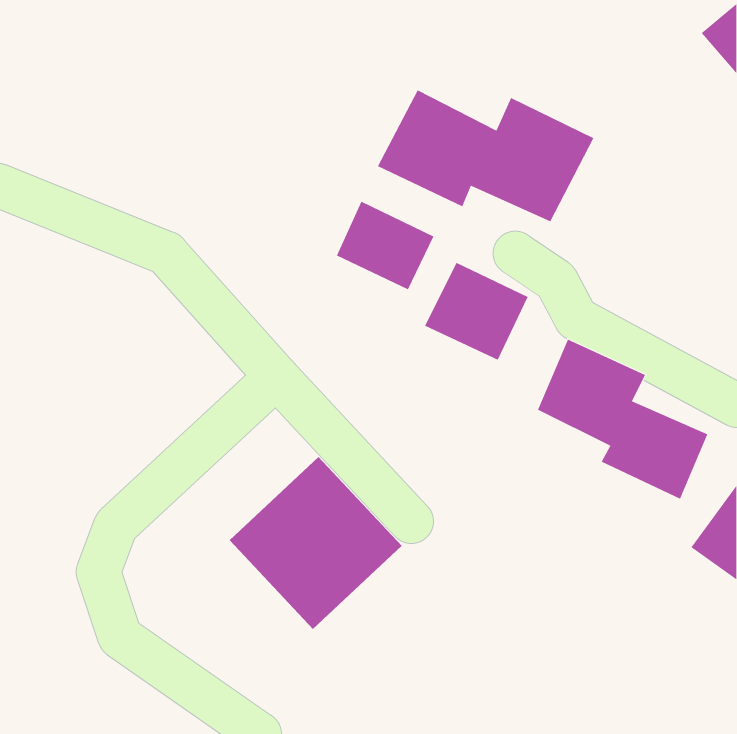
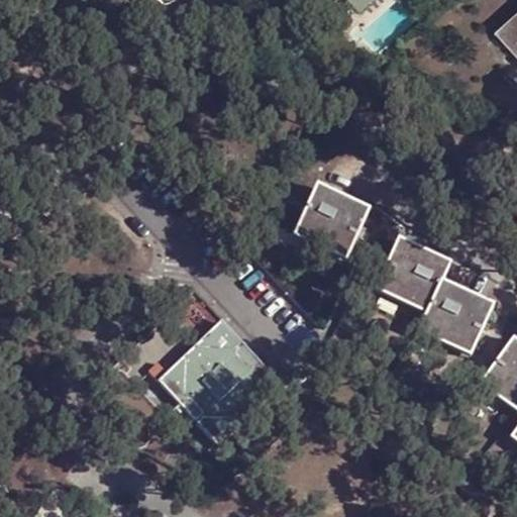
building: [377,89,594,222] -> none
building: [336,201,434,290] -> none

